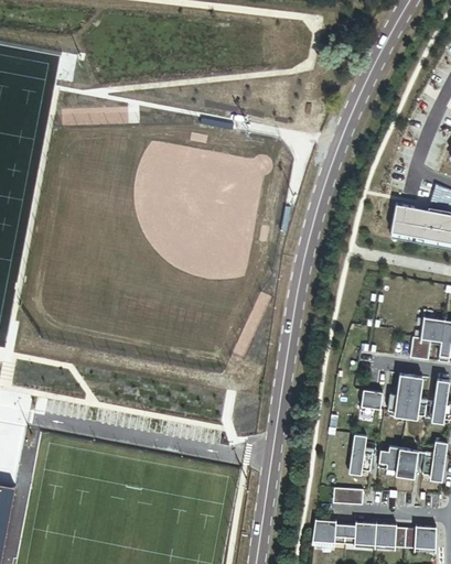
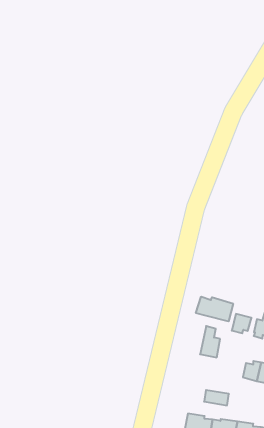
building: none -> [196,297,233,321]
building: [351,434,374,471] -> [200,326,220,357]

